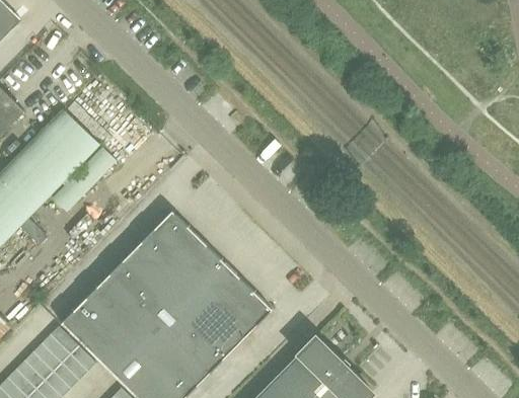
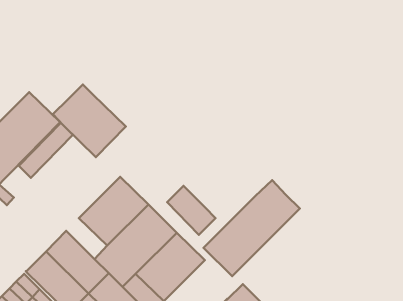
building: none -> [53,84,126,157]
building: none -> [204,180,300,276]
building: none -> [167,186,216,235]
building: [107,260,156,309] -> none

